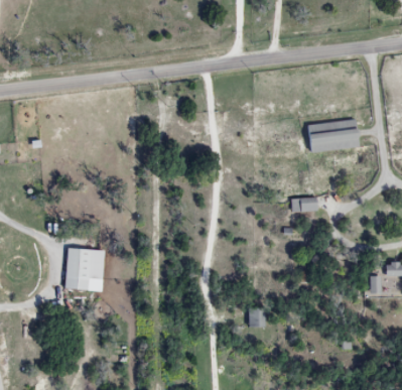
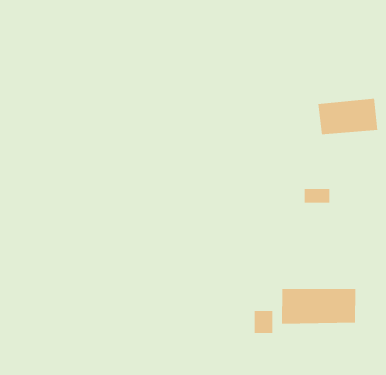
building: [66,248,105,289] -> none
building: none -> [282,288,356,324]

